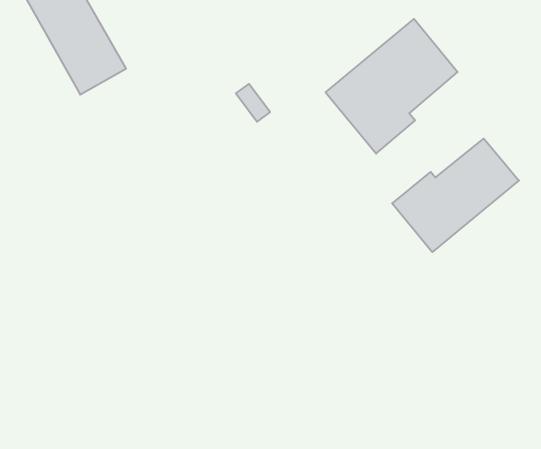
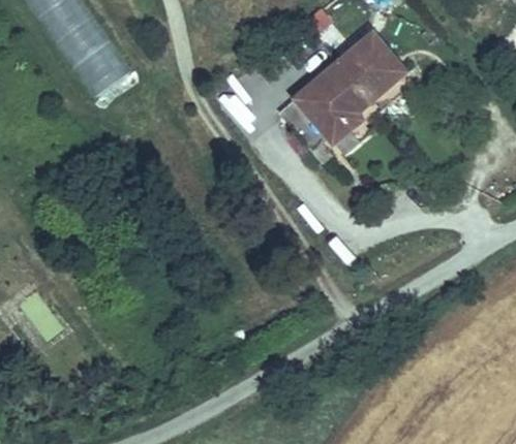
building: [392,139,519,252] -> none

